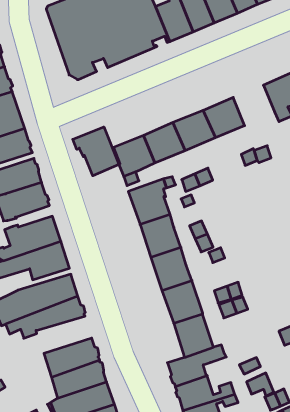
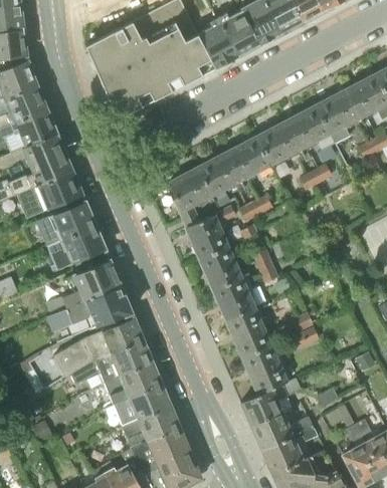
building: none -> [286,105,336,150]
building: [73,127,119,176] -> none
building: none -> [103,359,161,402]

